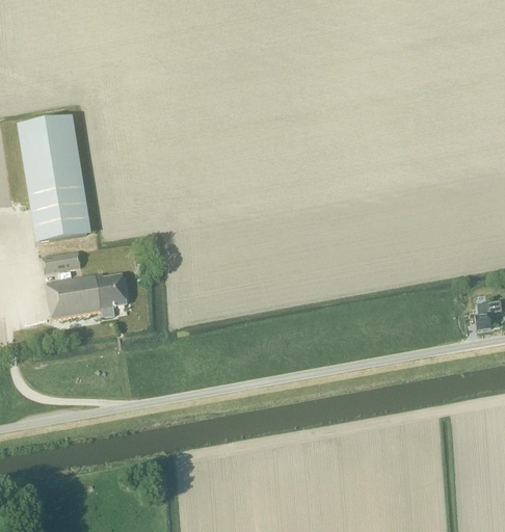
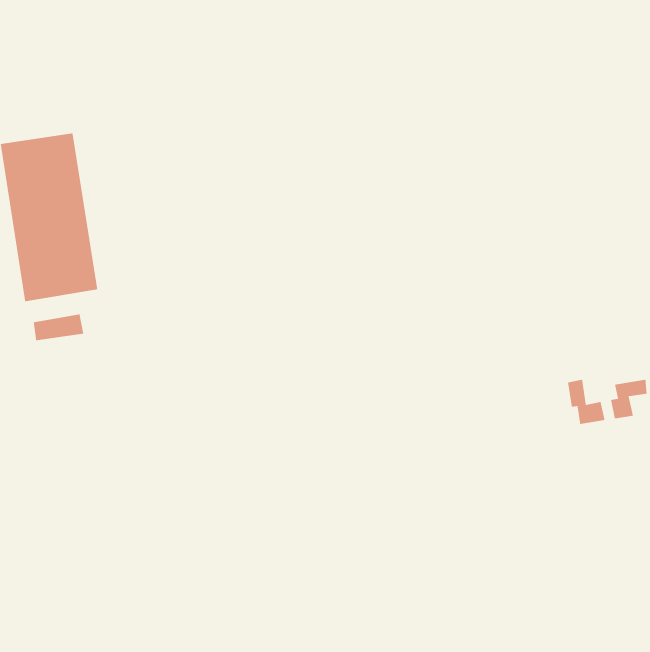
building: [47,272,127,318] -> none
building: none -> [567,379,606,425]

